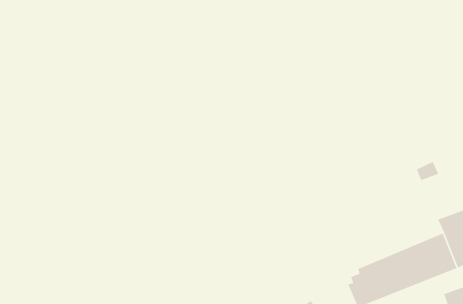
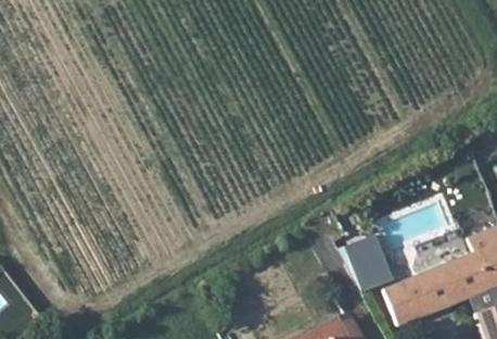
building: none -> [346,231,397,289]

